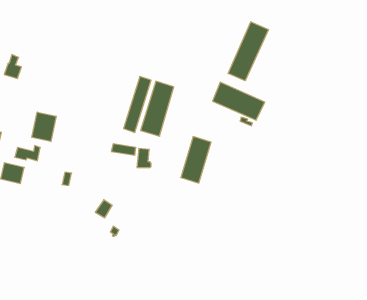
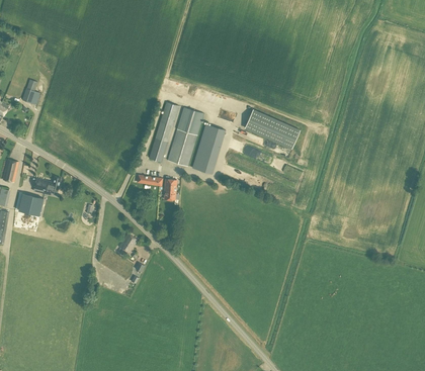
building: [228,22,269,81] -> none
building: [32,112,56,142] -> none
building: [181,137,211,183] -> [192,124,225,174]

